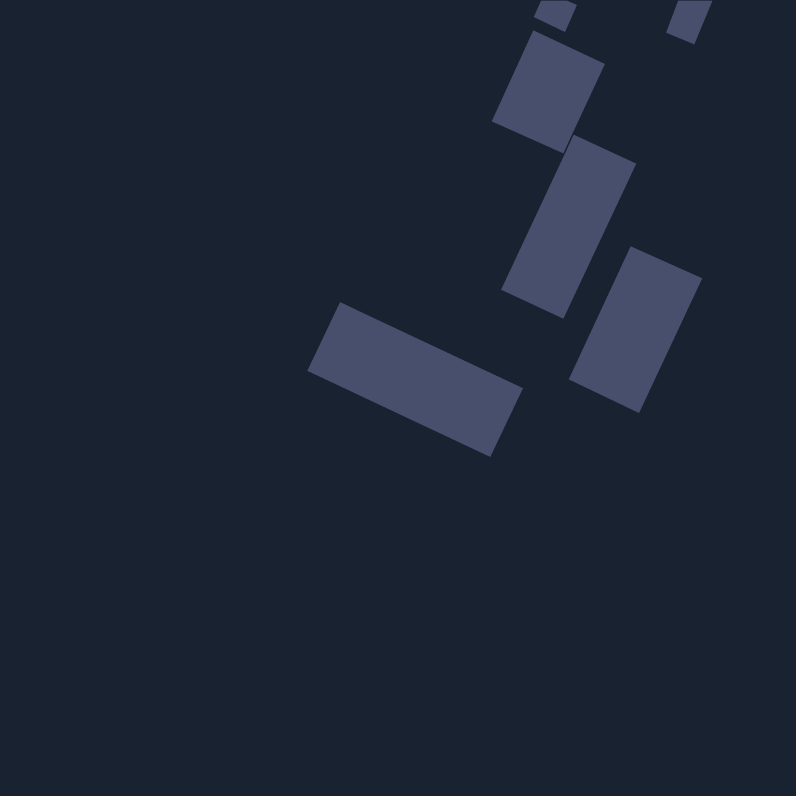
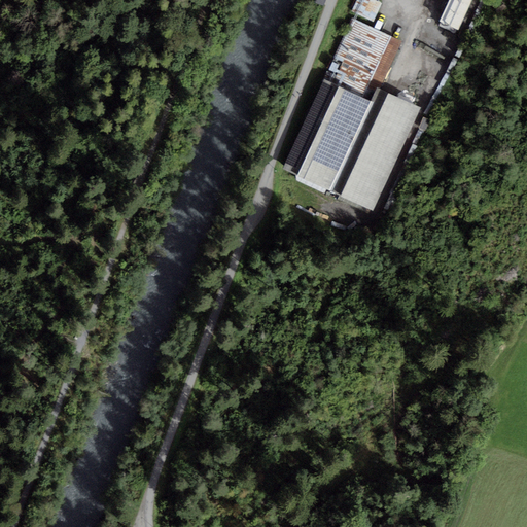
building: [568,246,703,414] -> [283,80,373,191]
building: [306,301,524,458] -> none

